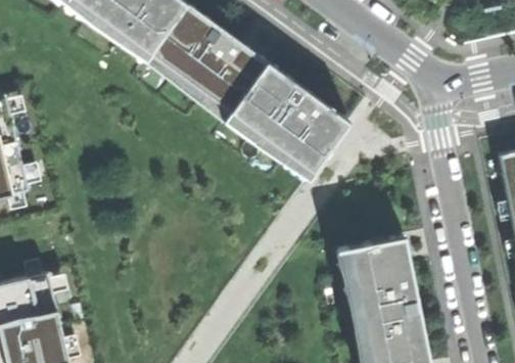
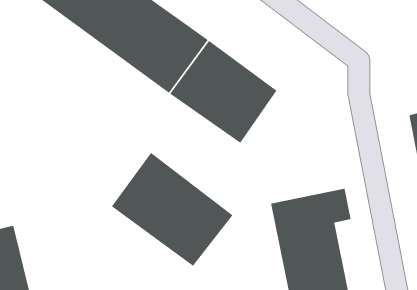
building: none -> [111,152,234,267]

